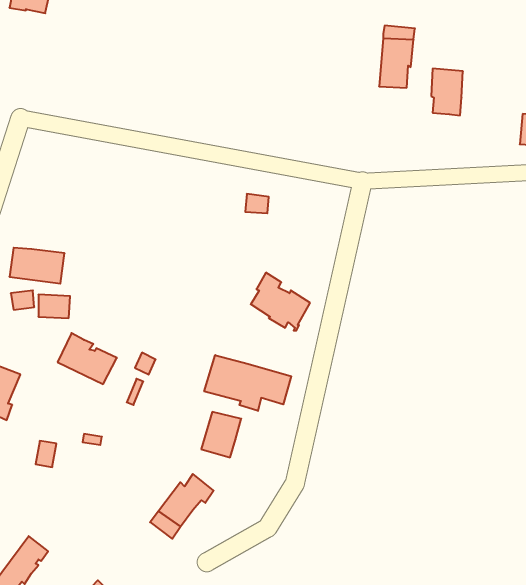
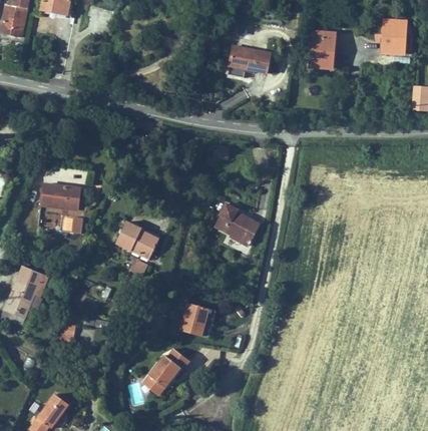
building: none -> [227,46,270,77]
building: [431,69,463,115] -> [382,19,405,53]
building: [58,333,117,384] -> [115,221,158,258]
building: [204,355,291,411] -> none

